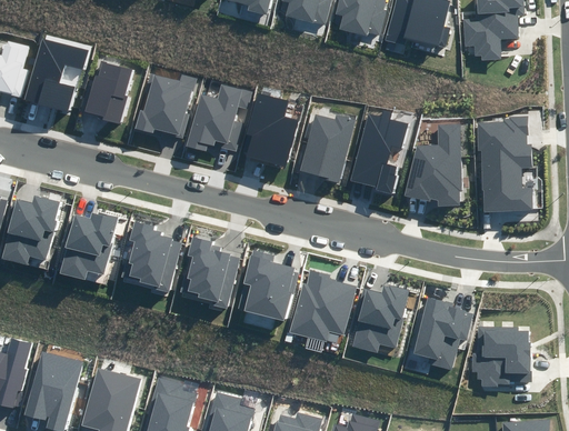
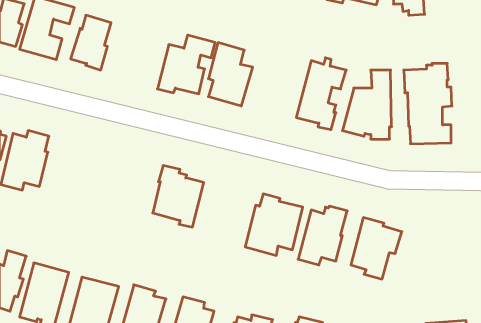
building: [133,73,197,140] -> none
building: [300,114,355,183] -> none
building: [59,211,117,280] -> none
building: [122,221,180,293] -> none
building: [242,249,298,321] -> none
building: [470,327,531,387] -> none

